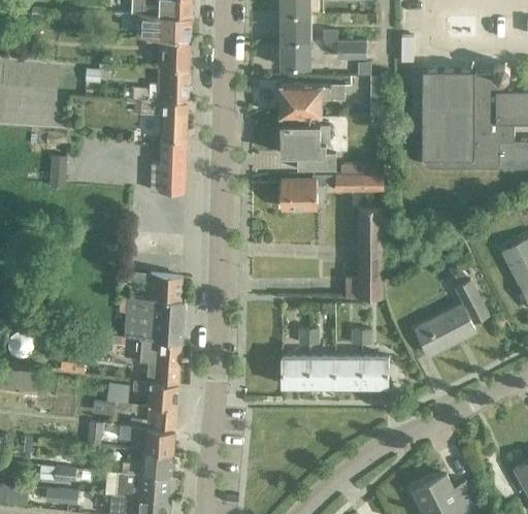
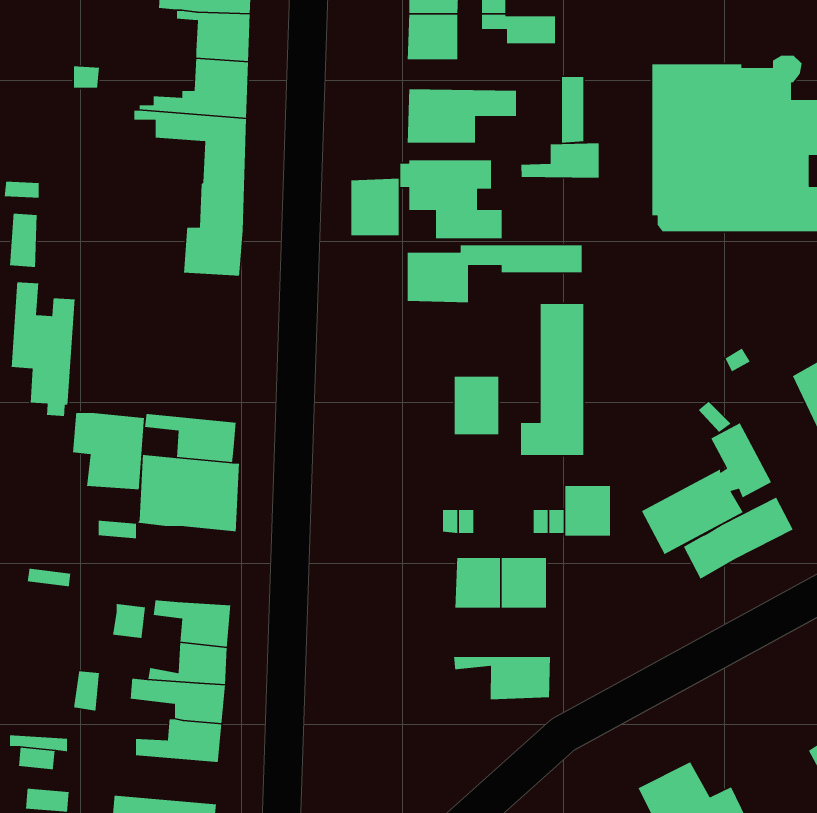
building: none -> [520,143,600,178]
building: none -> [351,178,400,236]
building: none -> [11,281,75,417]
building: none -> [454,376,499,435]
building: none -> [683,497,794,580]
building: [138,339,180,384] -> [72,412,145,490]
building: [282,355,308,386] -> none
building: [361,356,388,386] -> [565,485,611,537]
building: none -> [453,656,551,700]
building: [104,471,170,500] -> none

